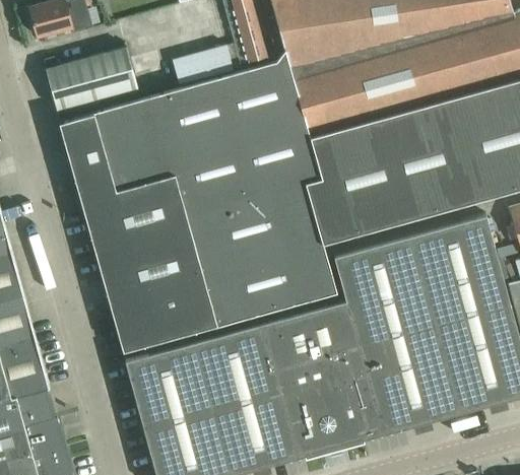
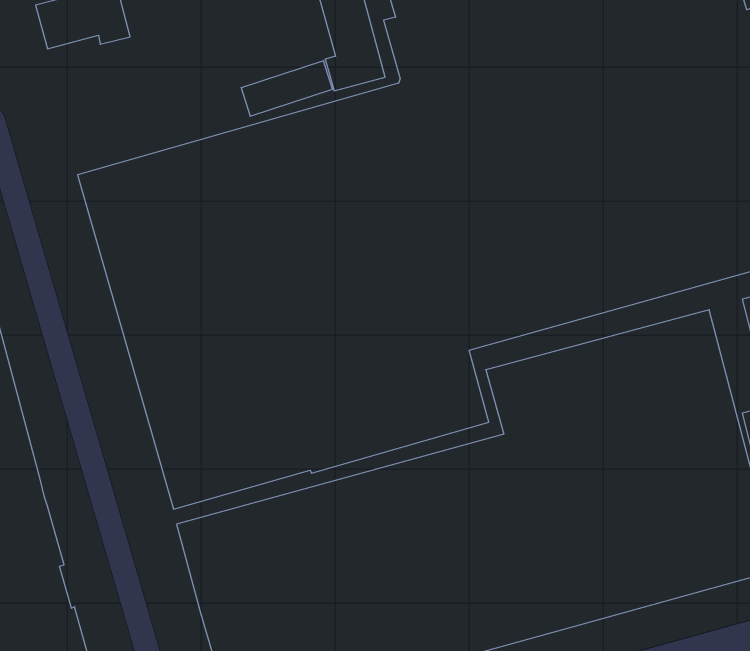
building: [44,50,137,112] -> none

